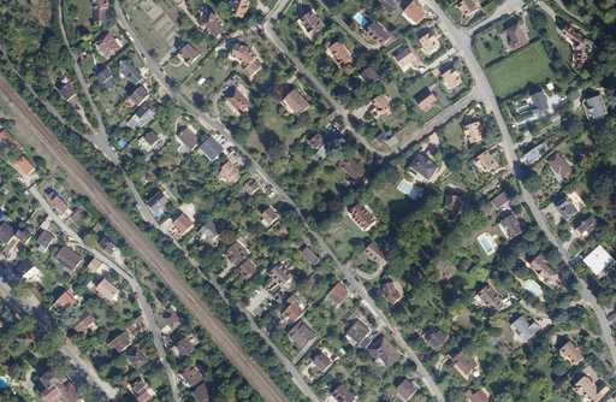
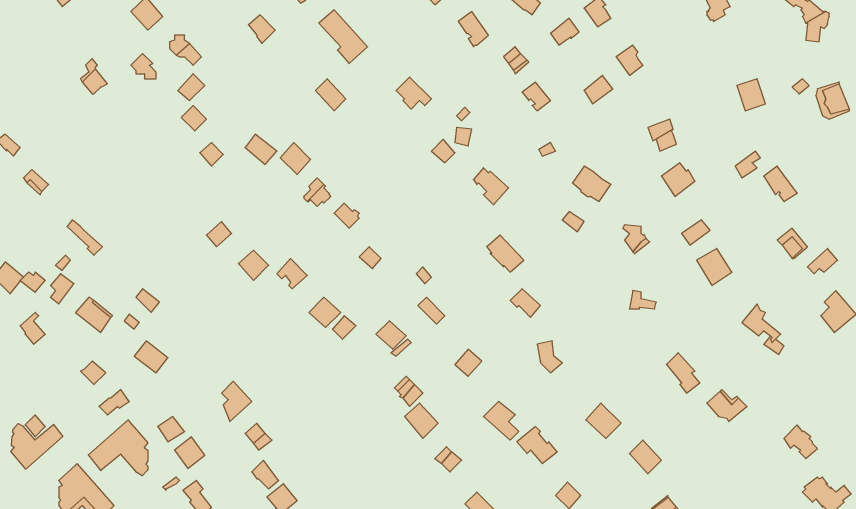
building: none -> [88,420,148,476]
building: none -> [11,424,63,469]

